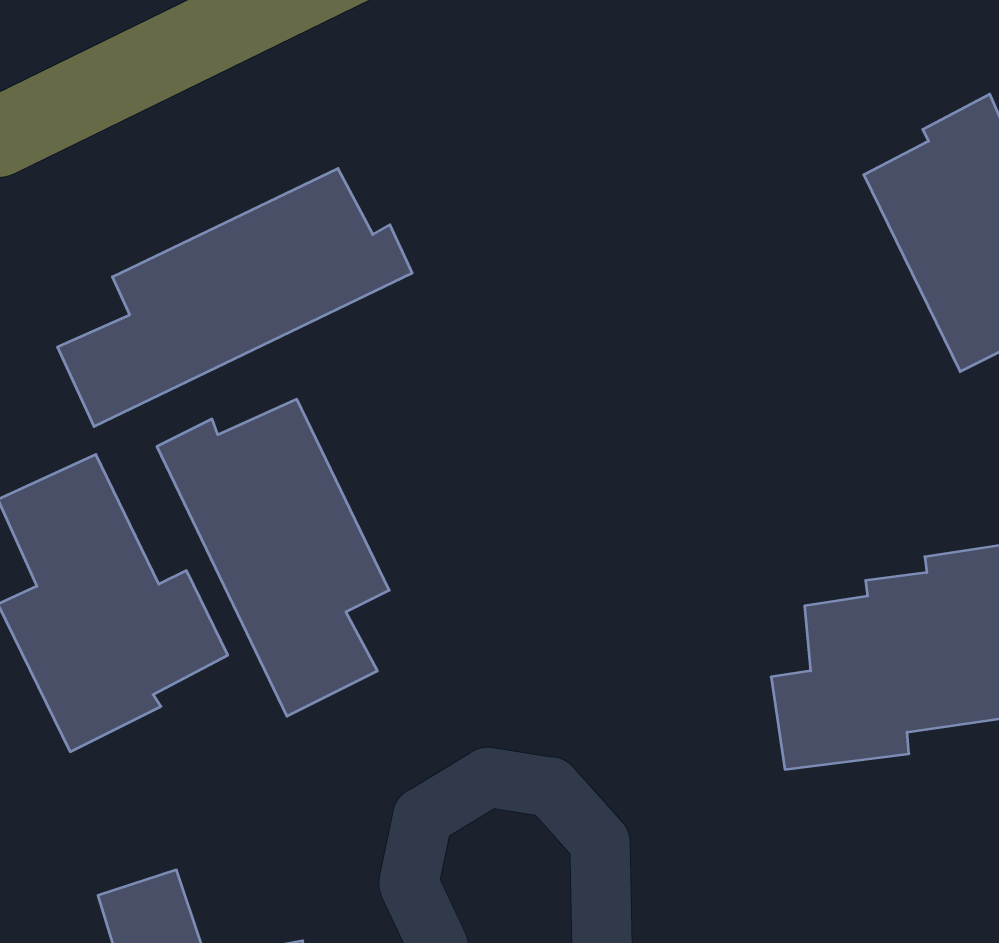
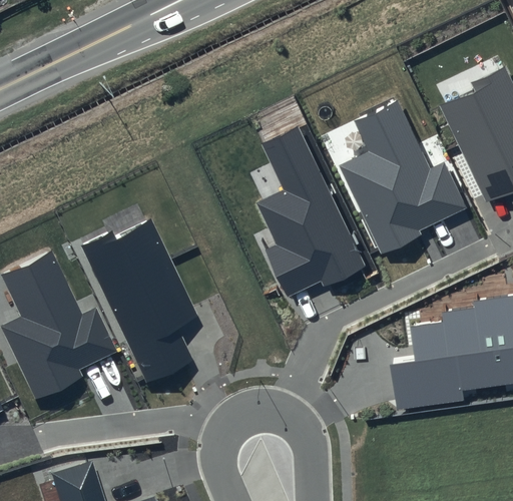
building: none -> [340,100,467,253]
building: [58,168,412,427] -> none
building: none -> [256,126,366,297]

